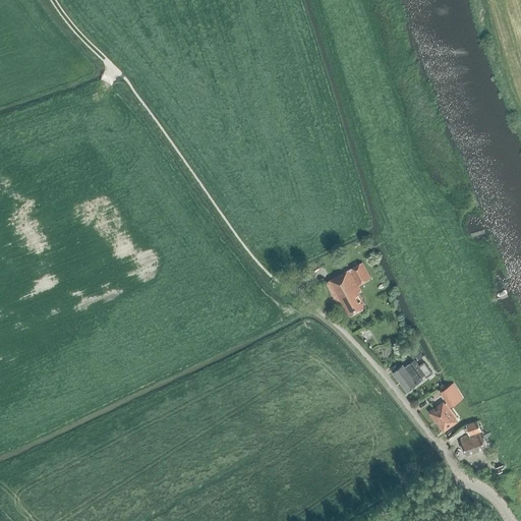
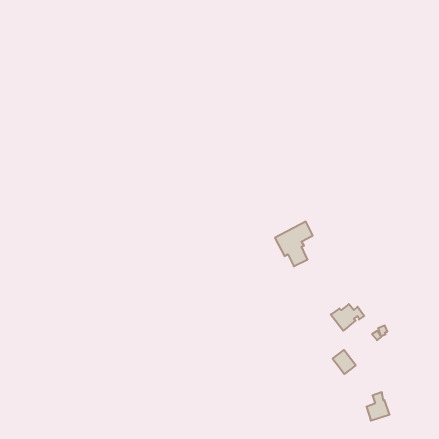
building: [428,402,456,430] -> [333,350,356,374]
building: [459,421,486,455] -> [366,392,390,421]

